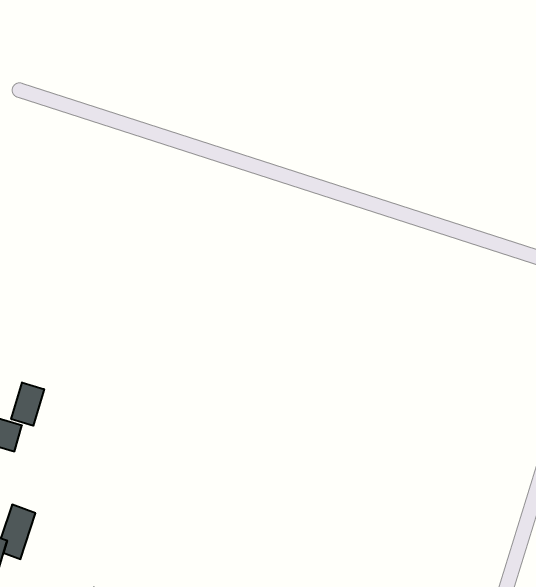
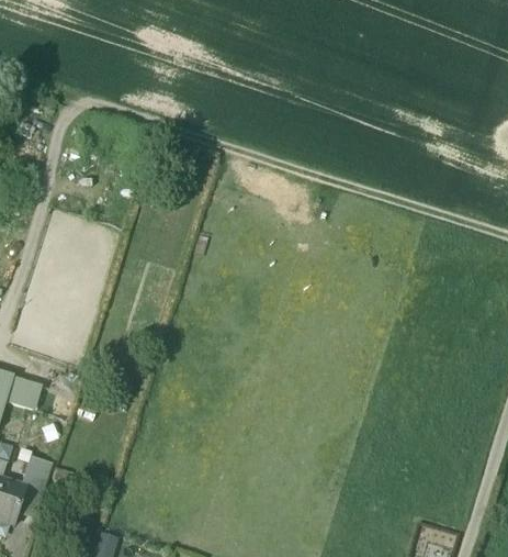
building: [11,382,44,426] -> none

